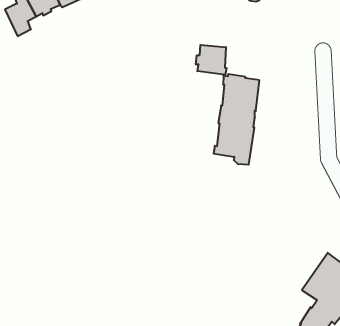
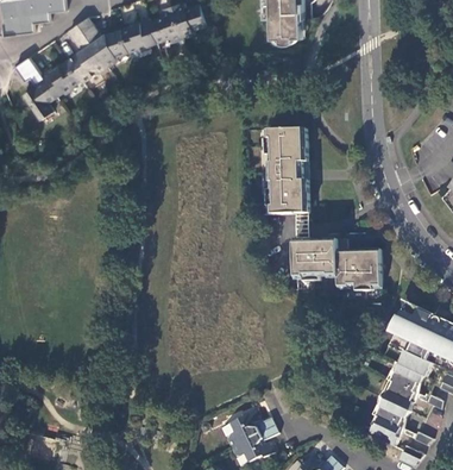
building: [196,45,227,75] -> none
building: none -> [294,238,382,288]

